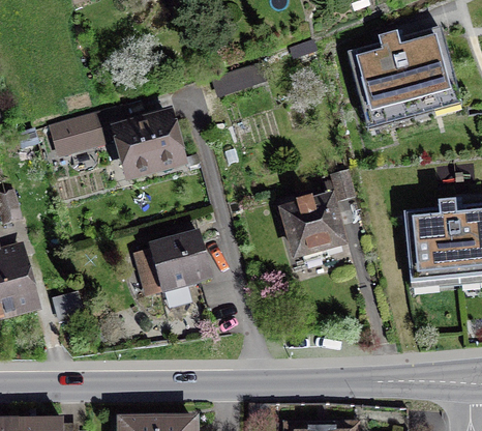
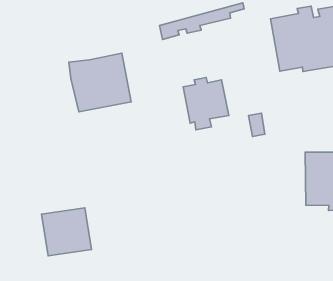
building: [53,104,133,159] -> none
building: [283,197,341,261] -> [183,78,229,130]
building: [149,235,213,297] -> [42,208,92,256]

